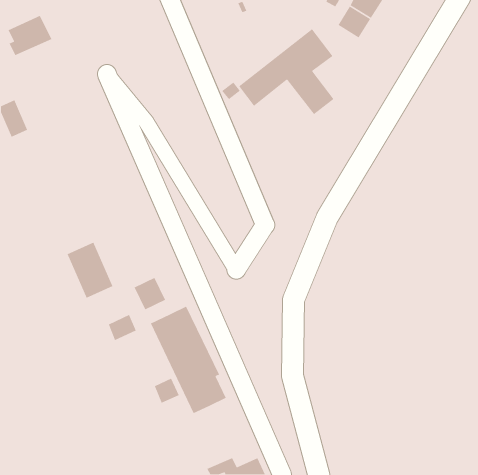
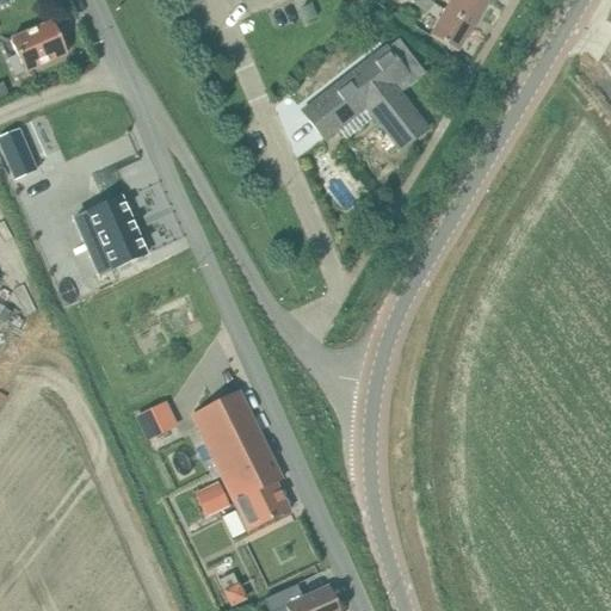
building: [67,242,113,299] -> [87,195,147,267]
building: [134,277,166,310] -> none

